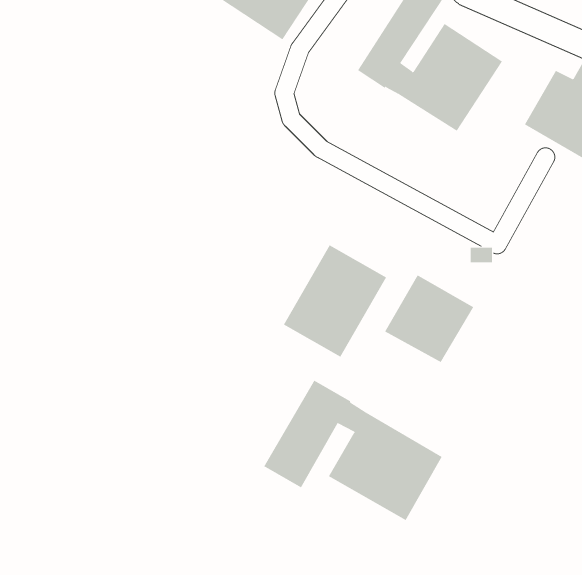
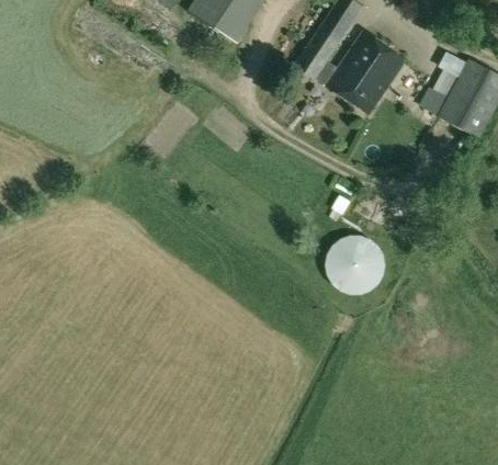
building: [283,245,387,357] -> none
building: [263,380,443,521] -> none

